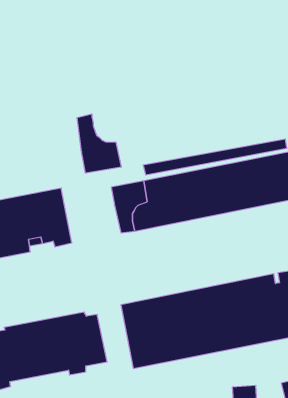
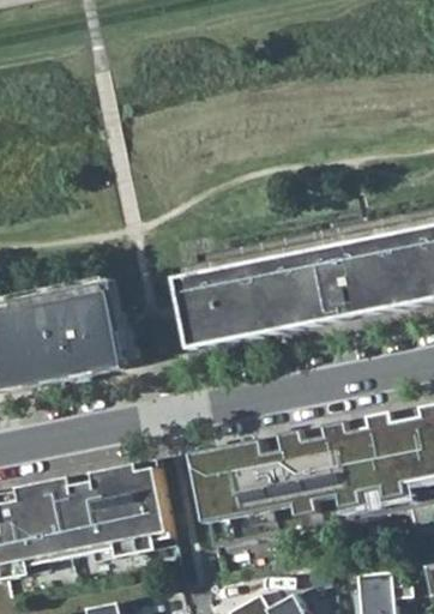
building: [77,114,121,173] -> none

